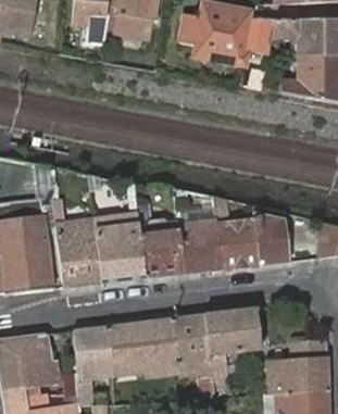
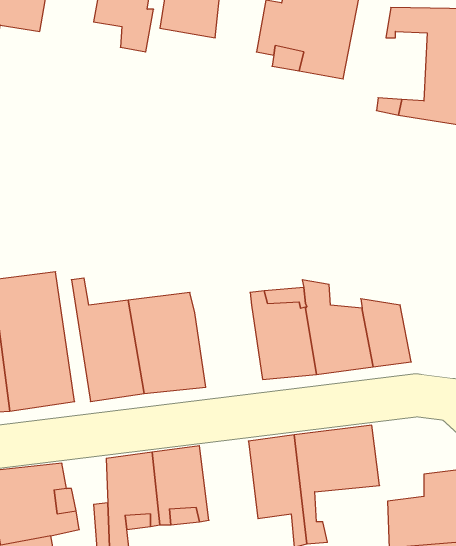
building: [136,217,183,277] -> none
building: [139,314,179,372] -> none

